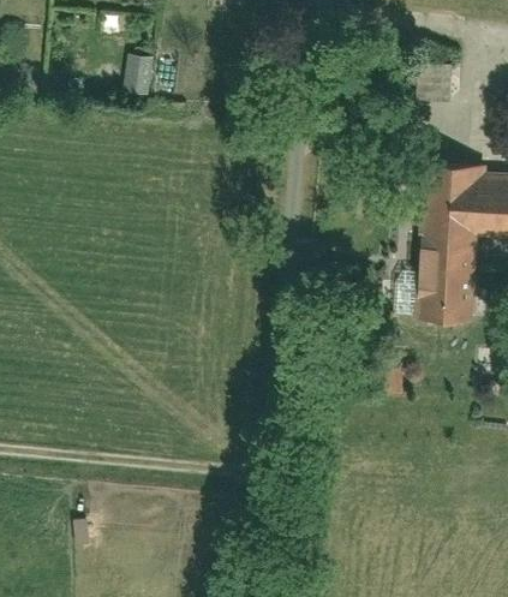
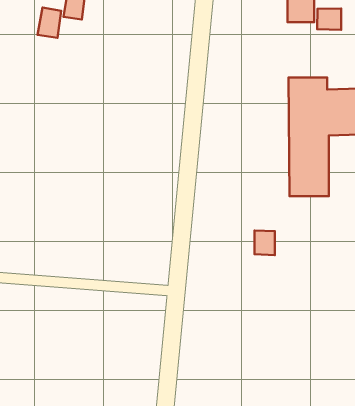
building: none -> [37,7,61,38]
building: none -> [317,9,341,30]

